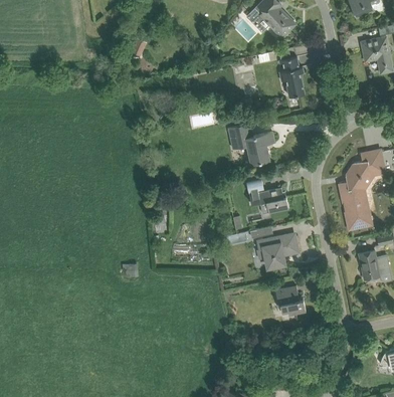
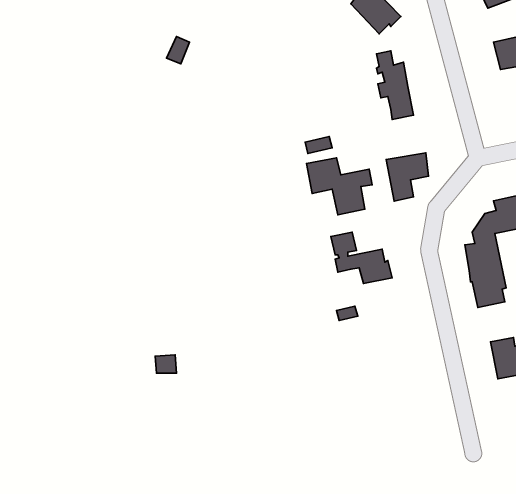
building: none -> [386,153,429,201]
building: [256,234,298,267] -> none
building: [274,285,306,316] -> none

